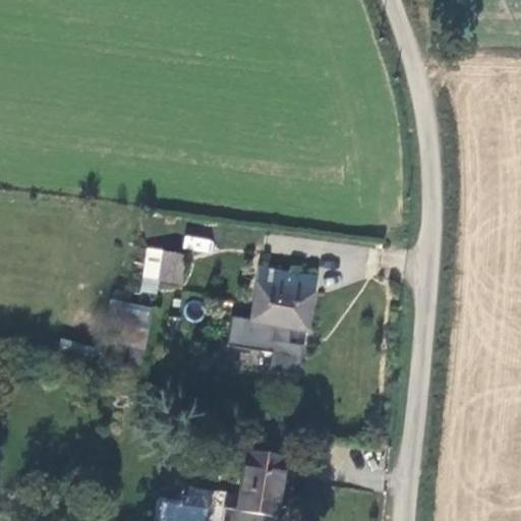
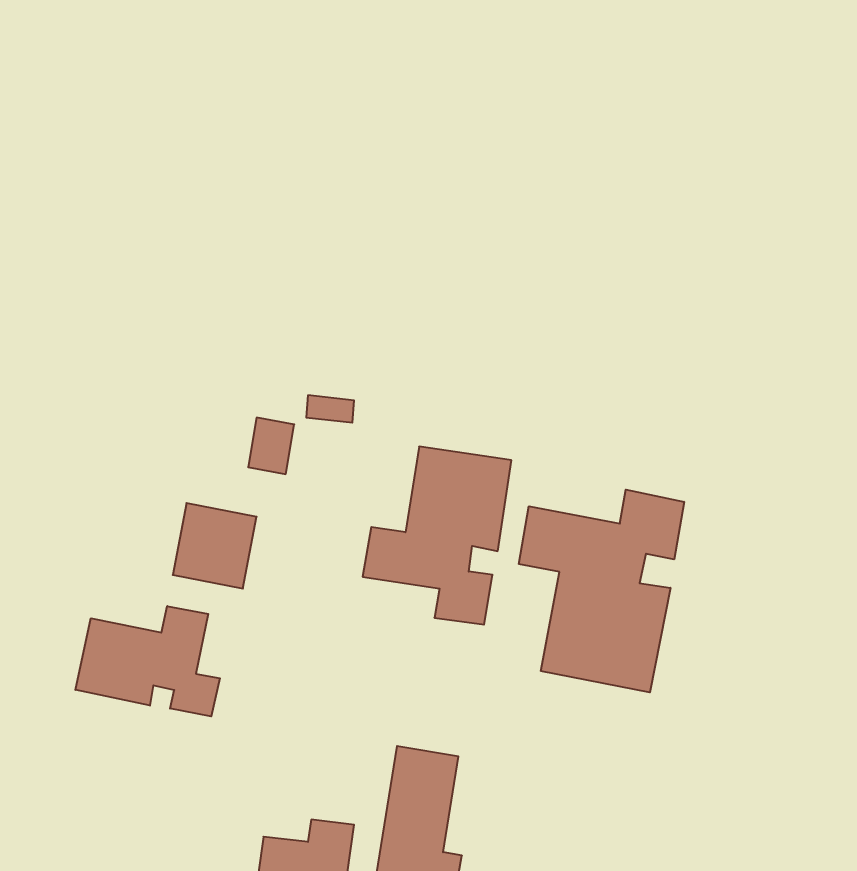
building: none -> [519,490,684,692]
building: none -> [75,606,220,716]

